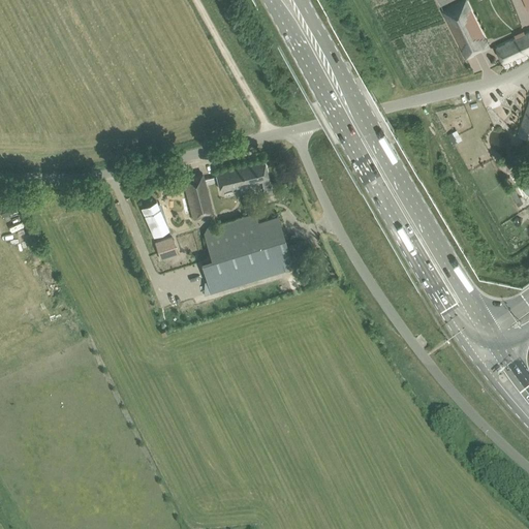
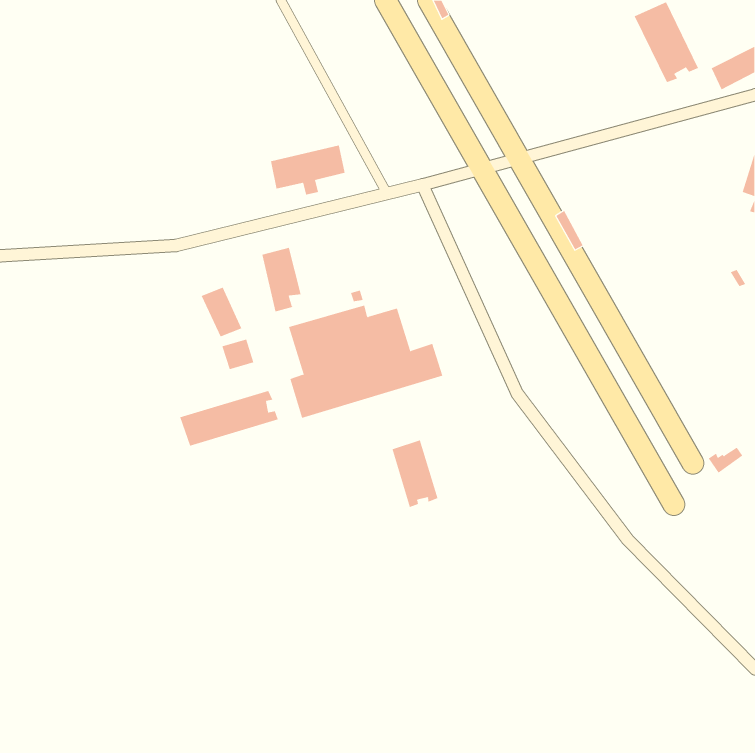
building: [216,160,269,195] -> [270,145,345,195]
building: none -> [180,390,279,447]
building: none -> [392,440,438,508]

